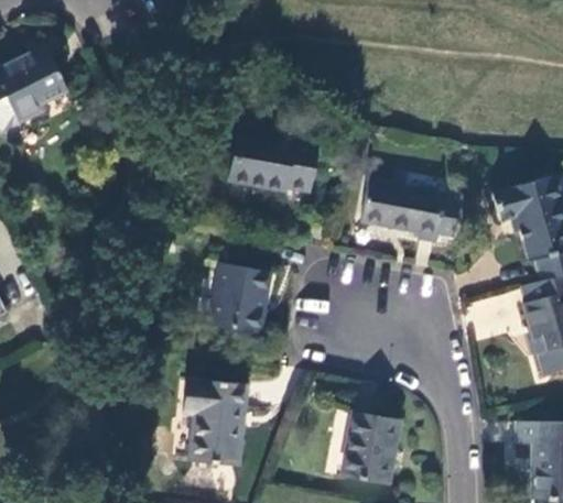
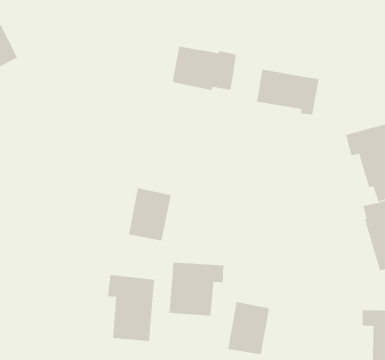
building: [228,135,314,194] -> [172,46,237,91]
building: [360,179,444,240] -> [256,69,320,115]
building: none -> [169,262,224,317]

